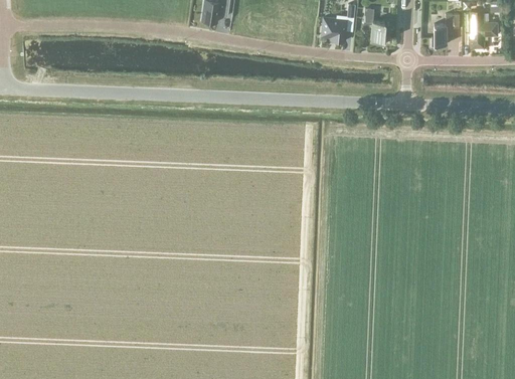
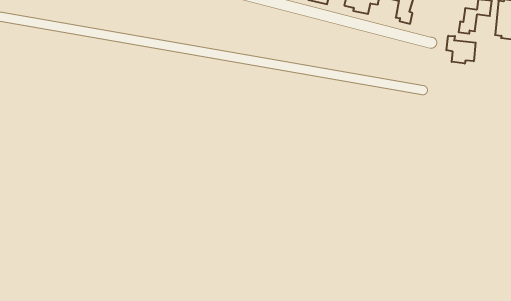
building: none -> [446,36,476,64]

